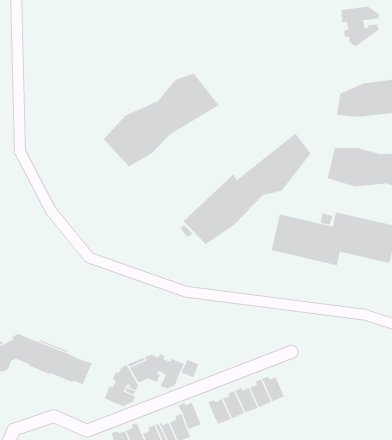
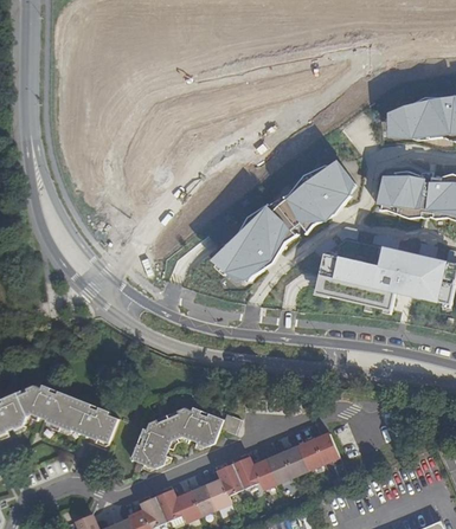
building: [341,6,380,47] -> none
building: [103,73,220,167] -> none
building: none -> [224,453,250,489]

